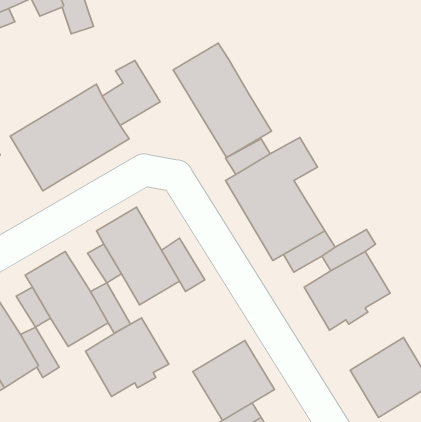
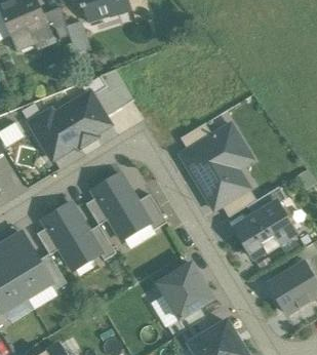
building: [173,43,272,158] -> none
building: [85,318,169,397] -> none

